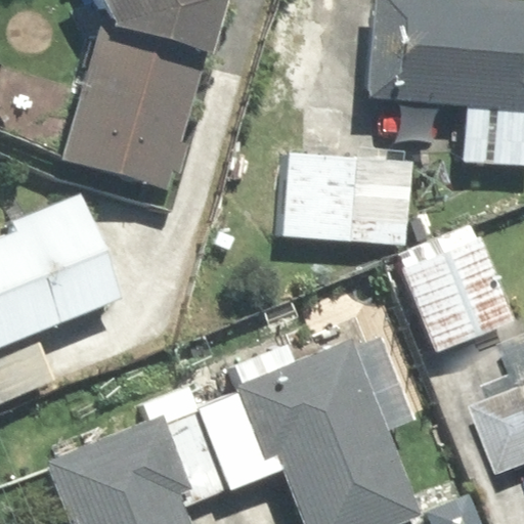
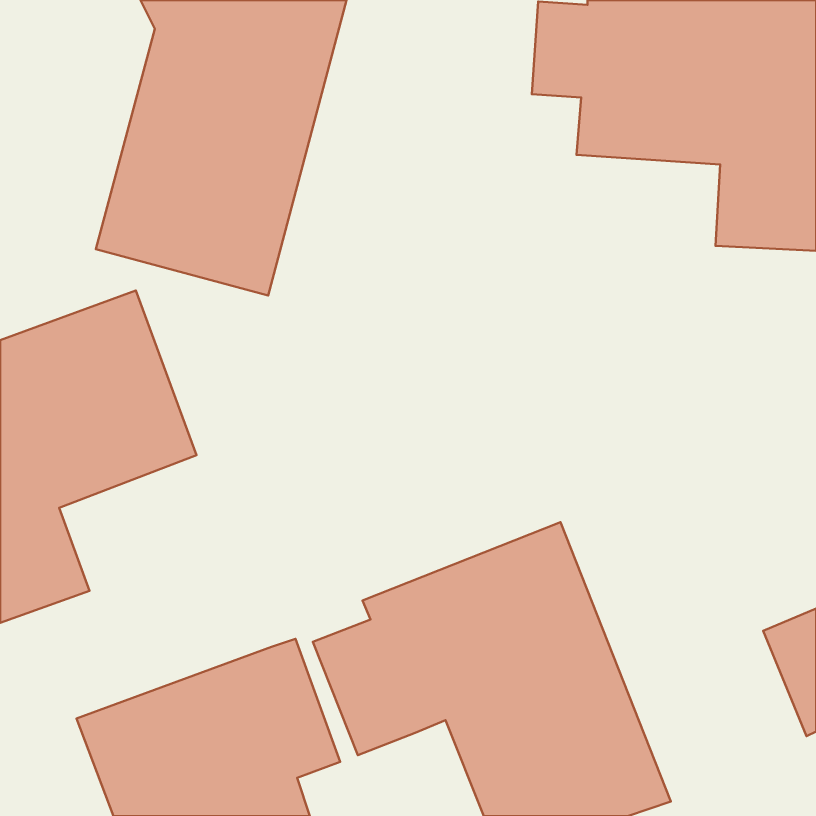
building: [283,152,409,239] -> none
building: [393,219,516,351] -> none

